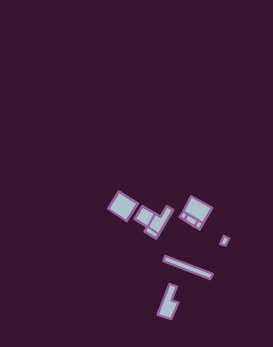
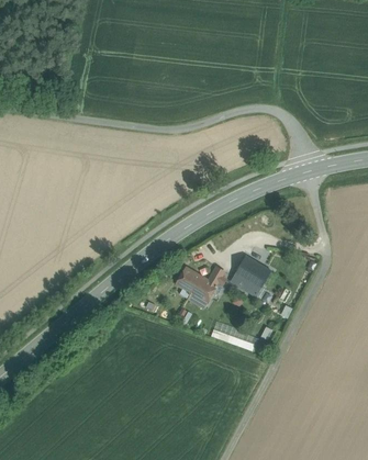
building: [108,191,138,221] -> none
building: [158,284,178,319] -> none

